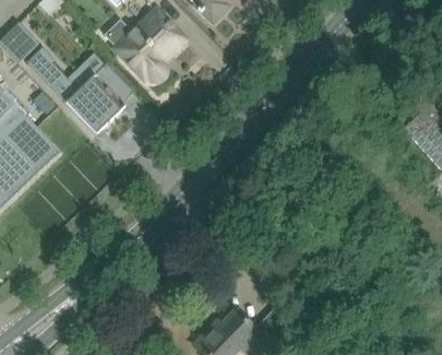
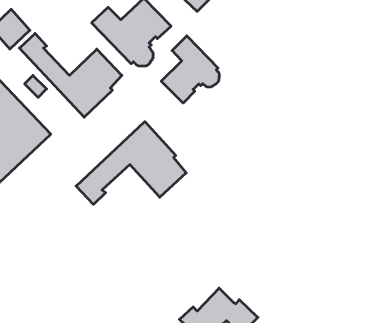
building: none -> [161,36,219,103]
building: none -> [76,122,186,204]

